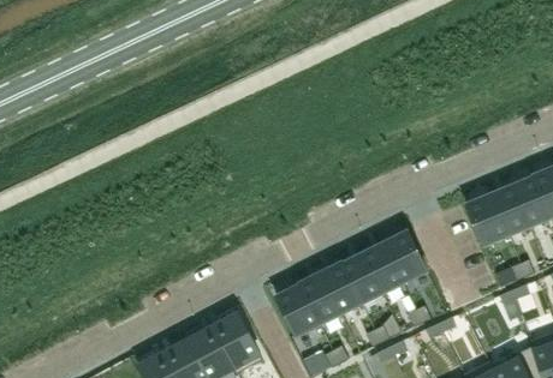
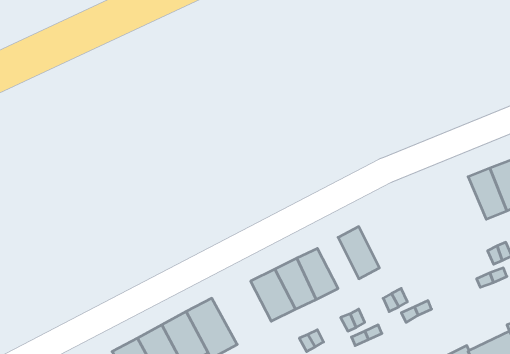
building: [465,194,509,247] -> none
building: [382,232,427,284] -> none
building: [341,254,382,305] -> none

